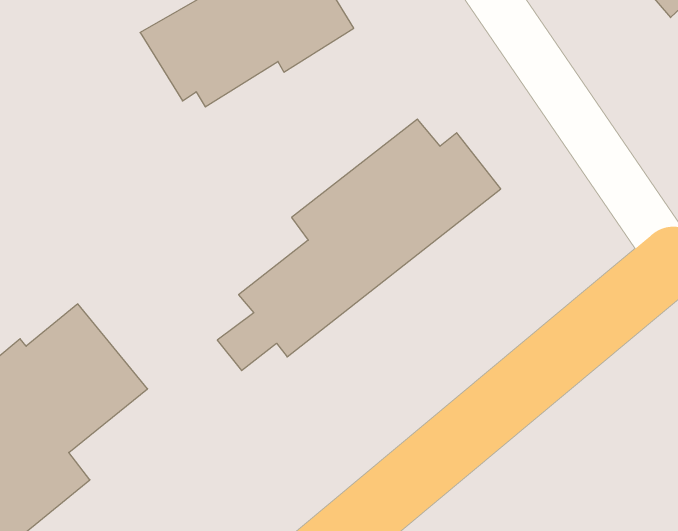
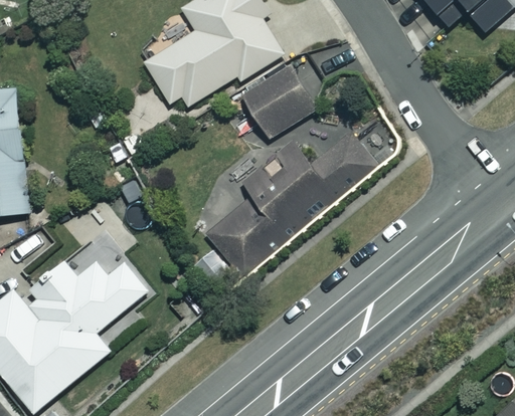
building: none -> [241,59,323,140]

